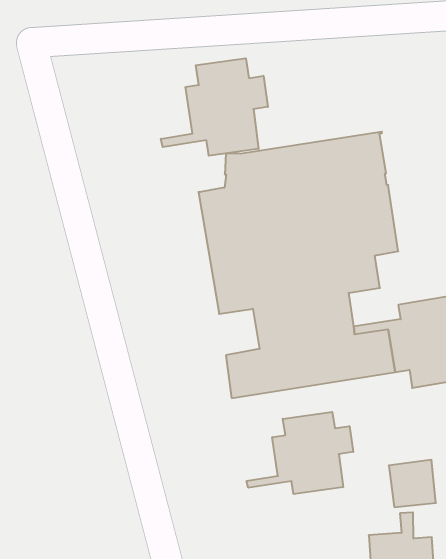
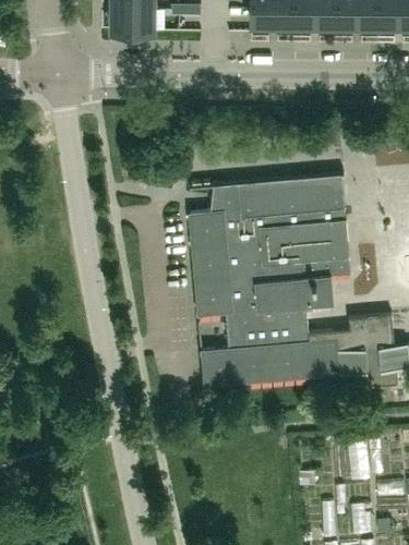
building: [161,58,268,156] -> none
building: [247,412,353,494] -> none

